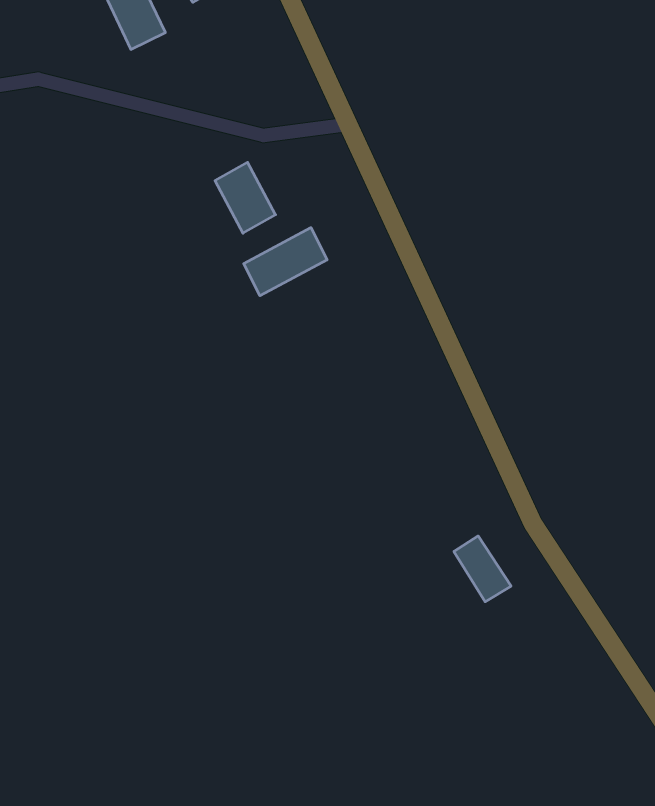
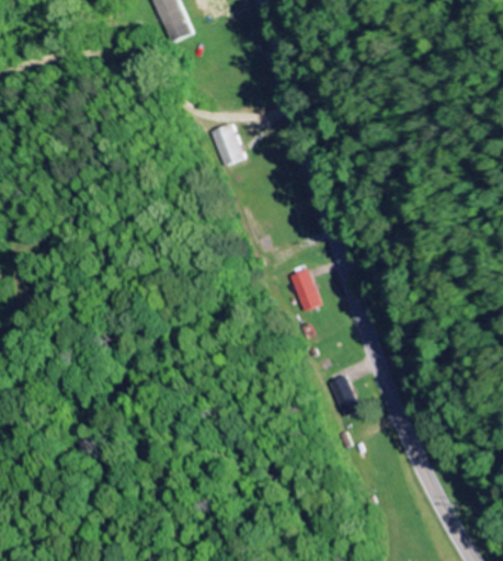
building: [244,228,327,296] -> none
building: none -> [293,267,321,309]

